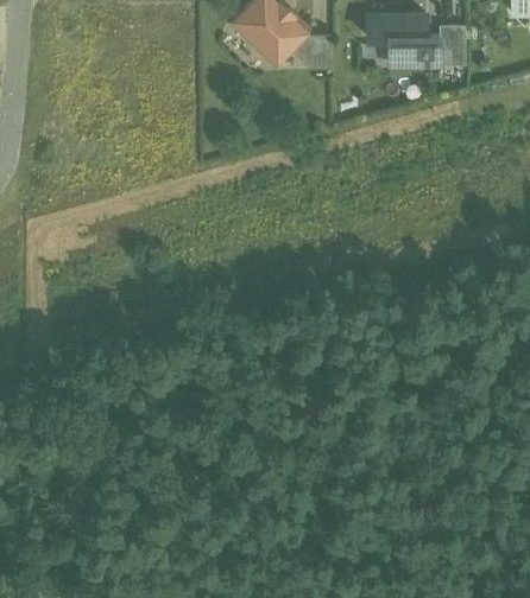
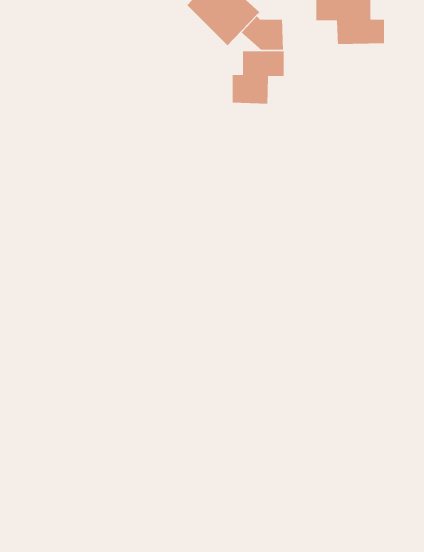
building: [438,26,465,68] -> none
building: none -> [232,51,285,104]

